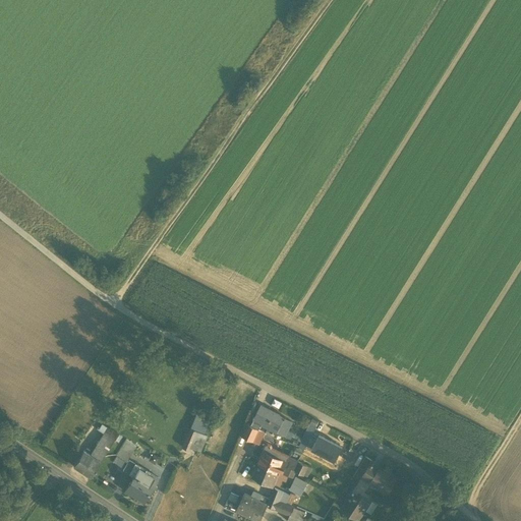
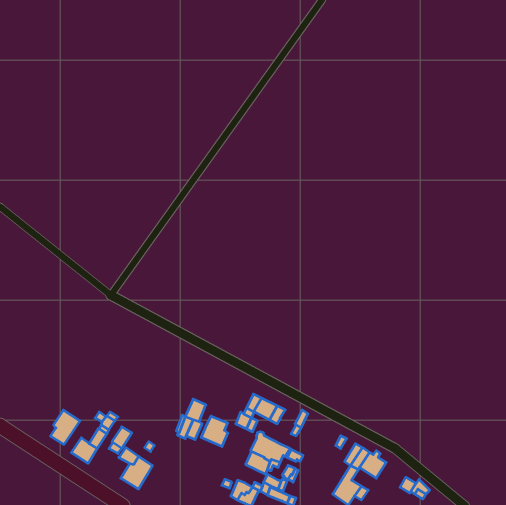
building: none -> [51,410,80,444]
building: none -> [201,416,228,447]
building: [311,436,342,462] -> none

